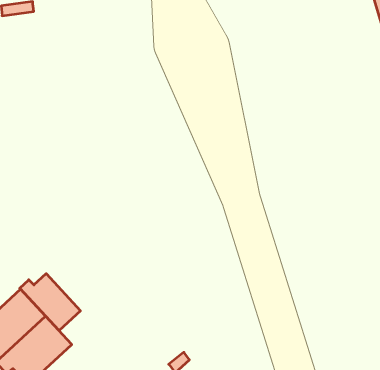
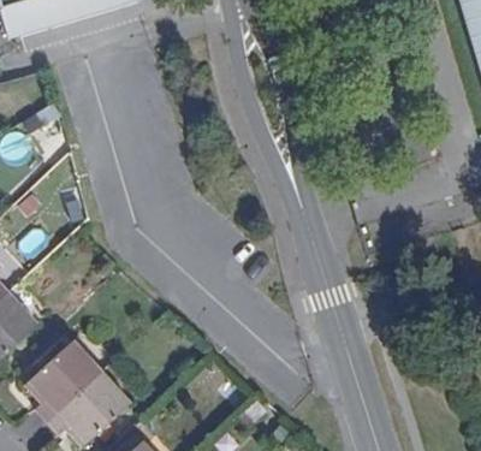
building: [20,274,80,330] -> none

